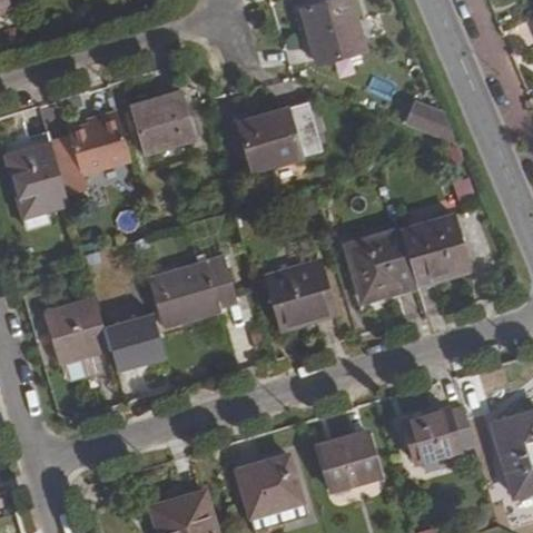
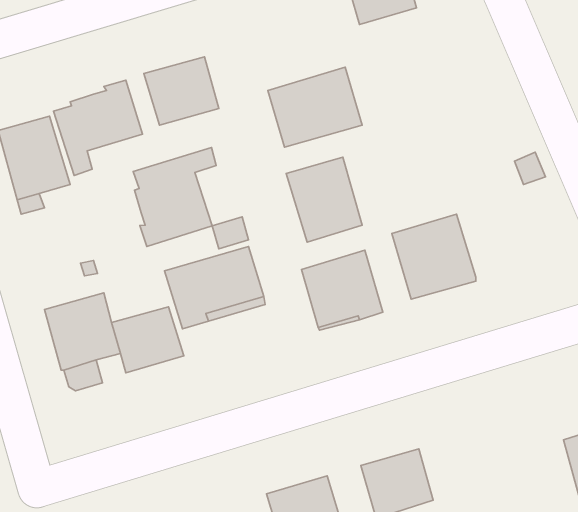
building: [402,102,460,149] -> none
building: none -> [133,148,216,246]
building: none -> [286,157,362,242]
building: [401,214,470,283] -> none
building: [403,405,475,462] -> none

